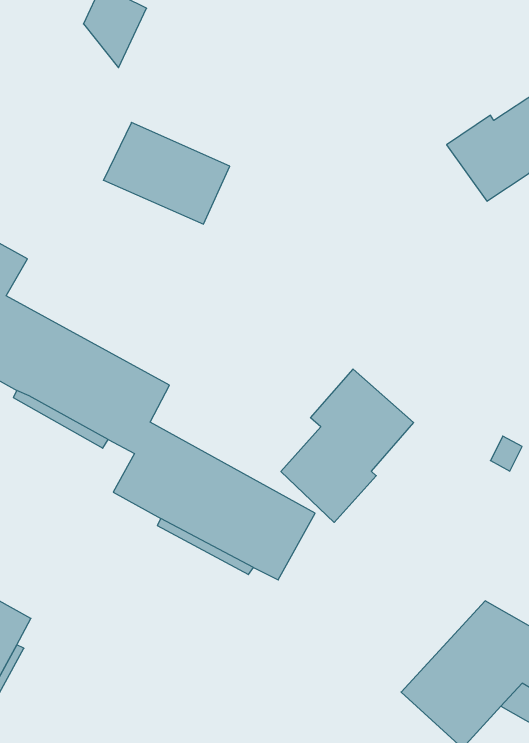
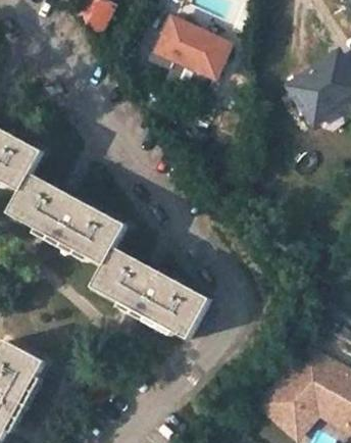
building: [103,122,230,224] -> [156,18,230,78]
building: [281,369,414,522] -> none

